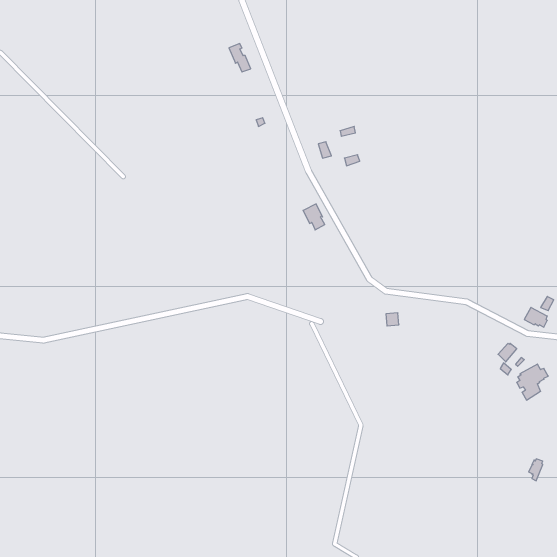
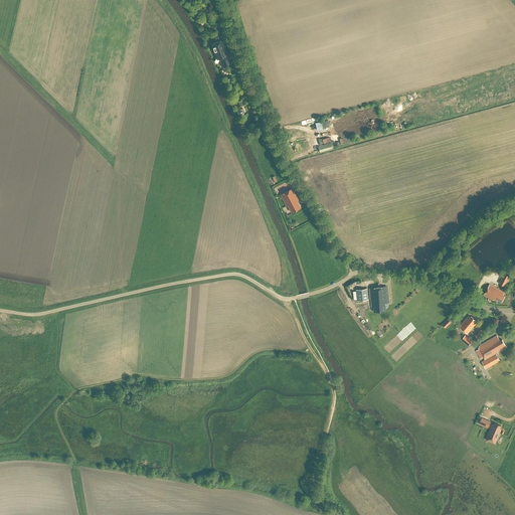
building: none -> [369,287,387,312]

